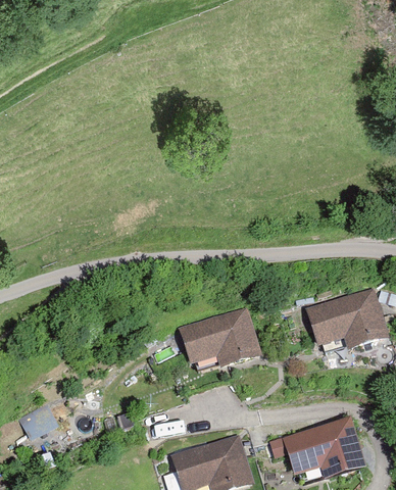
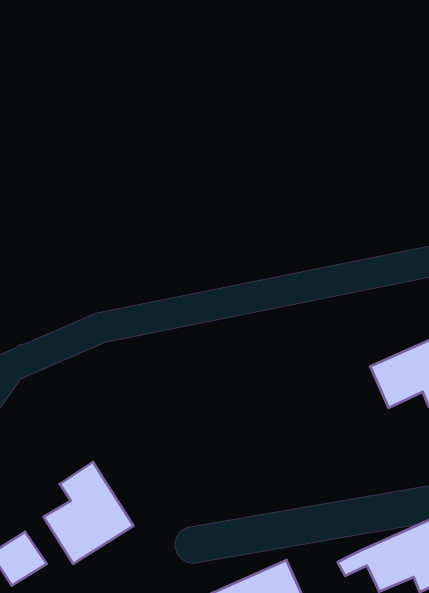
building: [182,311,253,363] -> none
building: none -> [44,462,133,564]

